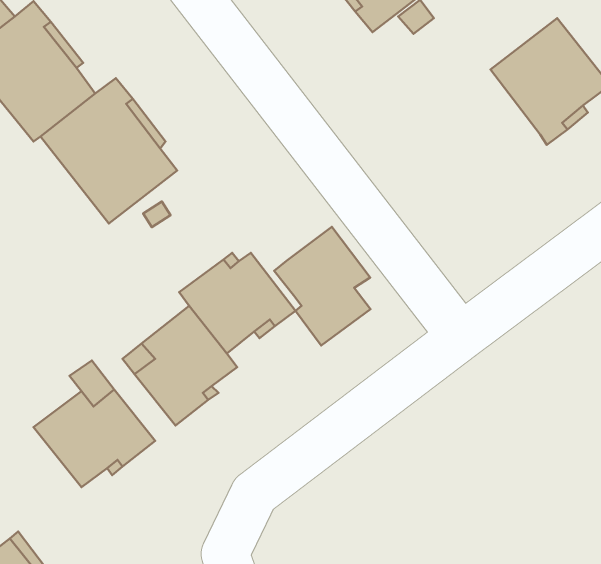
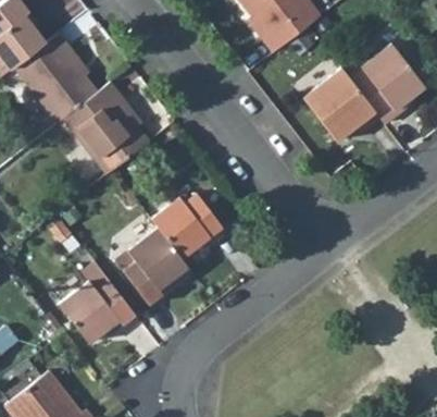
building: none -> [303,68,380,140]
building: [274,227,371,345] -> none

